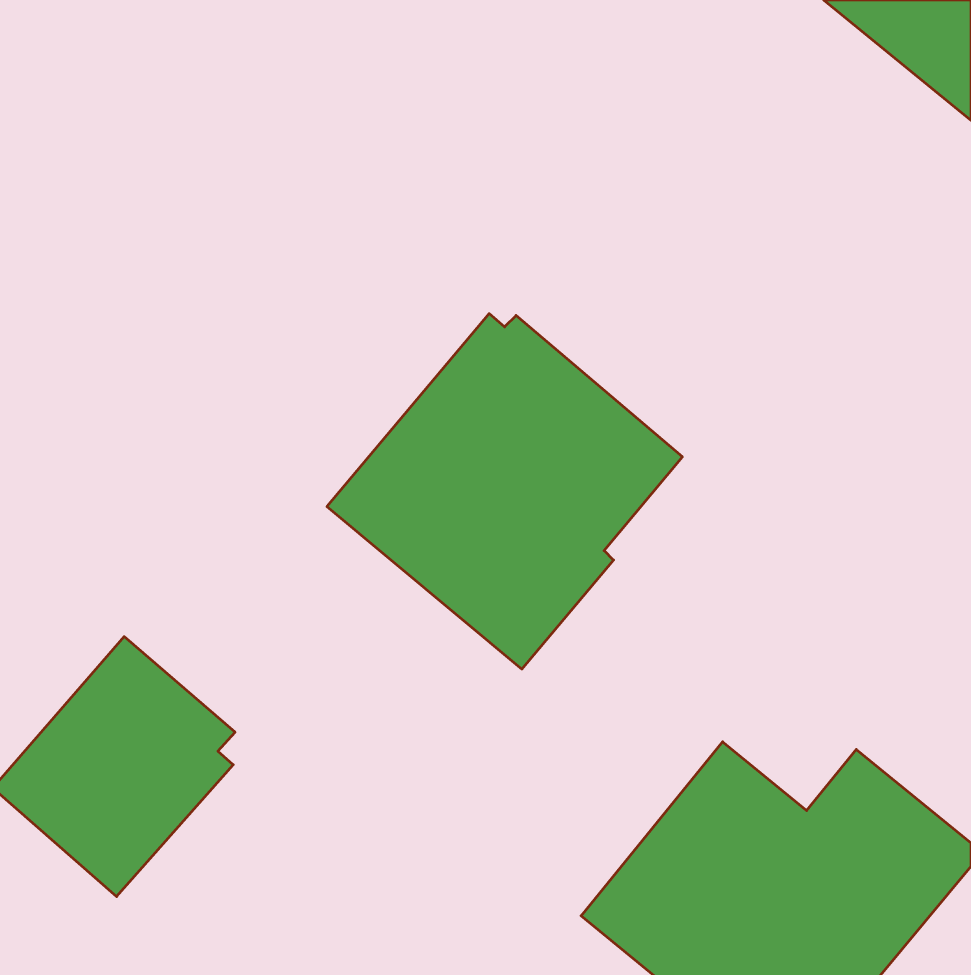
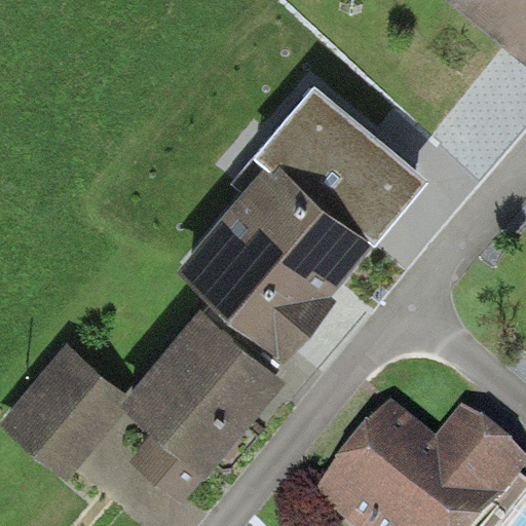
building: none -> [250,87,428,251]
building: none -> [117,308,287,508]

